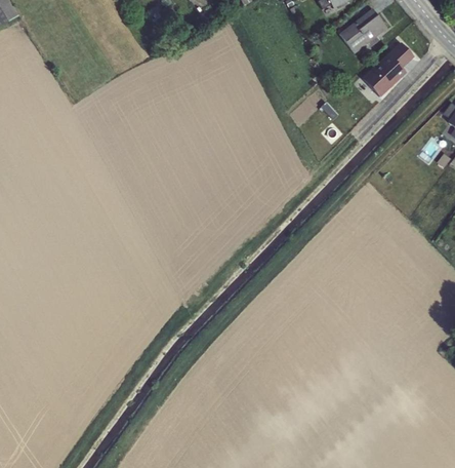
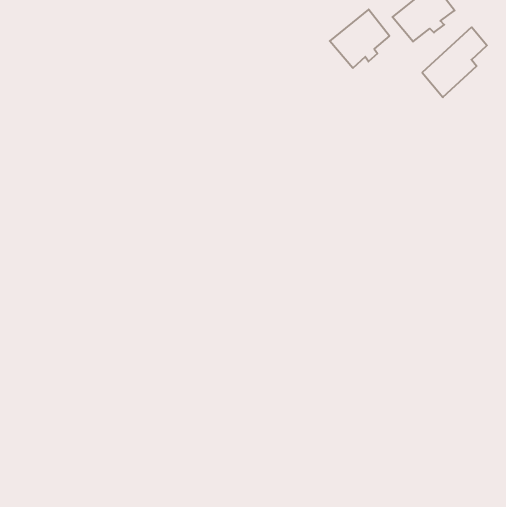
building: none -> [330,9,389,68]

